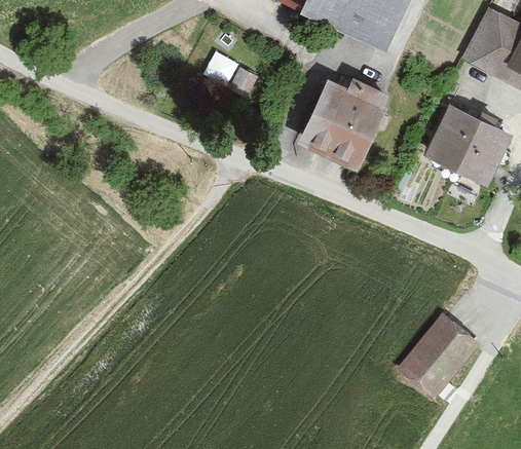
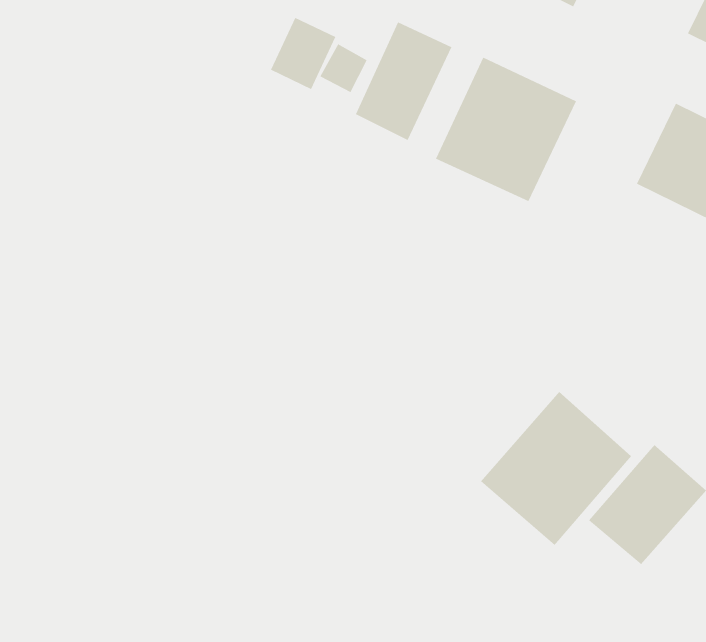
building: none -> [355,22,452,141]
building: none -> [480,391,632,546]

